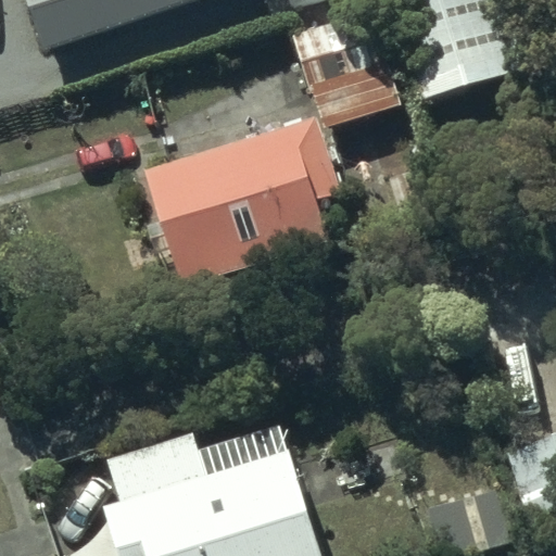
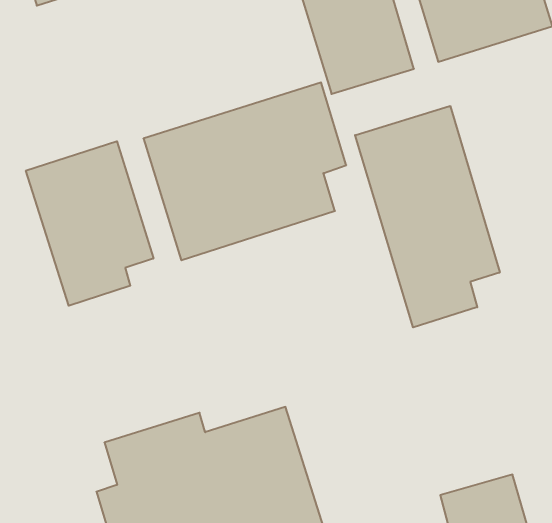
building: none -> [355,106,500,327]
building: none -> [26,141,153,306]

